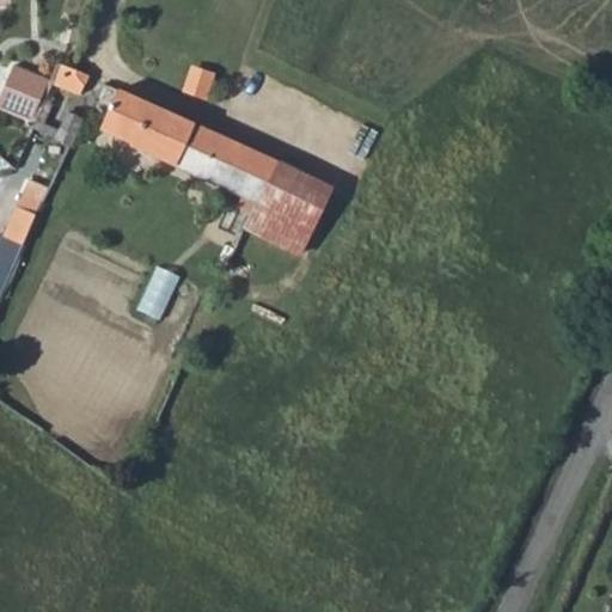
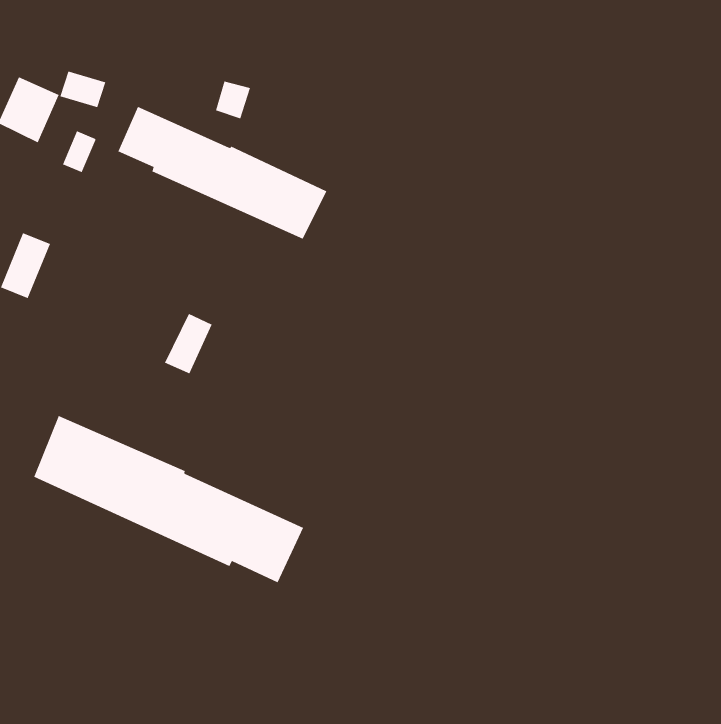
building: [245,161,330,252] -> none
building: none -> [33,415,304,583]

